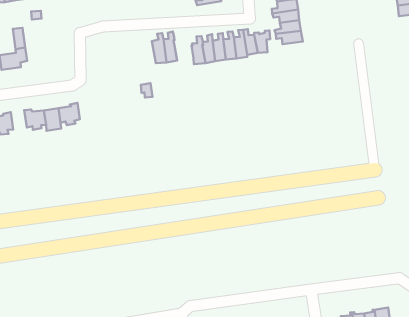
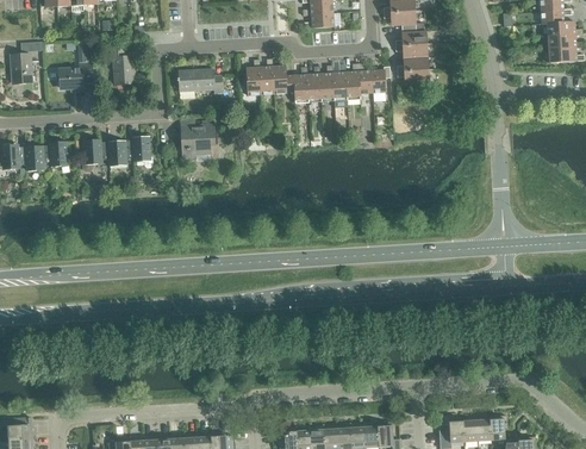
building: none -> [110,49,133,85]
building: none -> [272,66,294,94]
building: none -> [176,69,223,94]
building: none -> [181,121,213,158]

